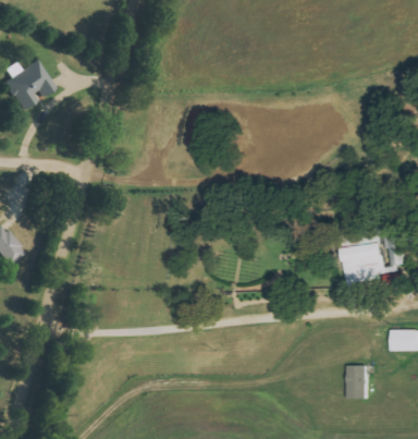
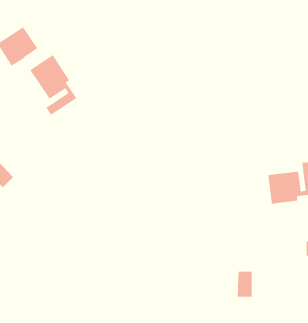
building: none -> [30,54,77,116]
building: [346,365,366,398] -> [237,271,252,297]

